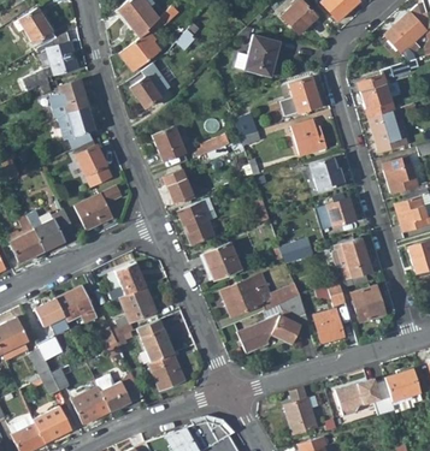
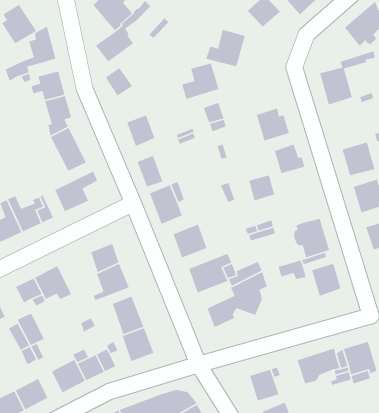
building: [279,77,320,117] -> [181,63,220,100]
building: [369,109,408,152] -> none
building: [326,197,355,226] -> [248,174,275,201]
building: [314,309,344,343] -> none

